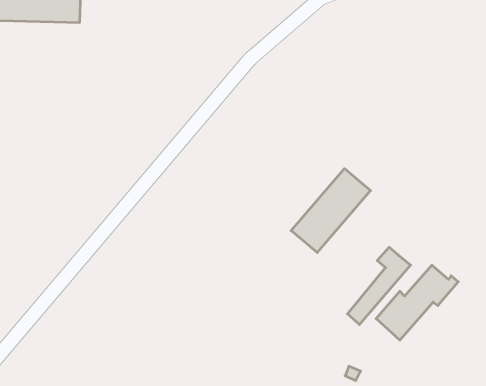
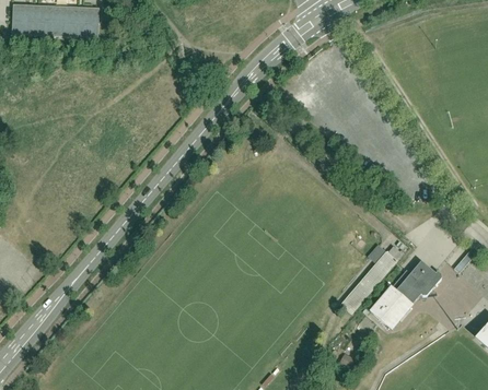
building: [291,169,371,253] -> none

